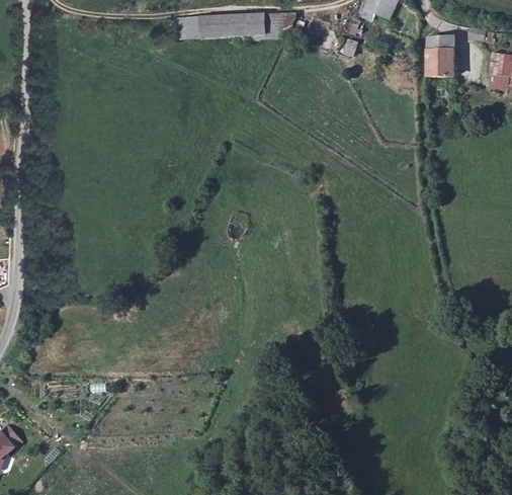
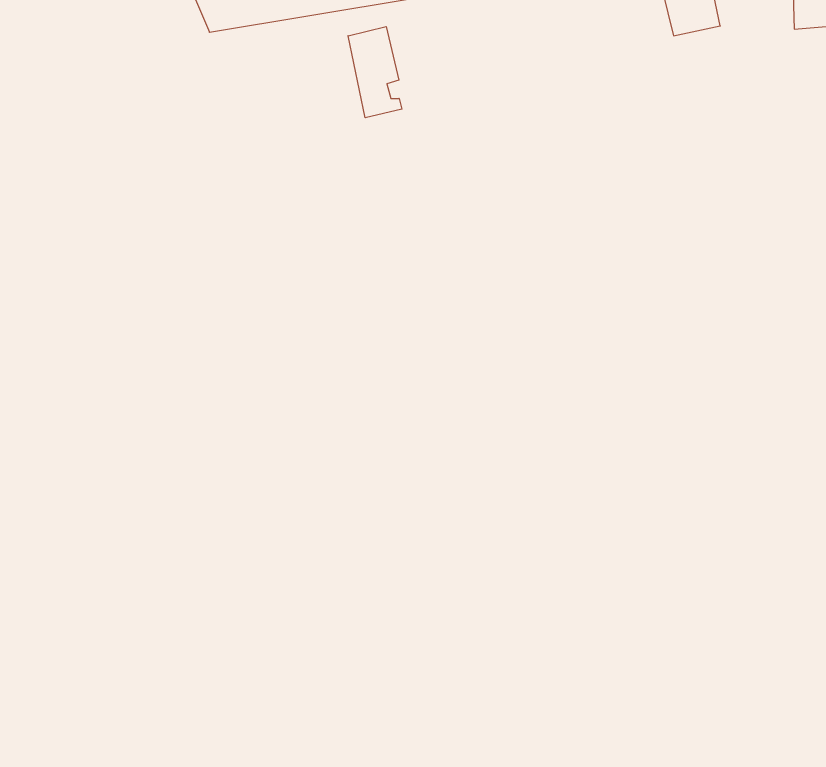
building: none -> [348,27,402,118]

